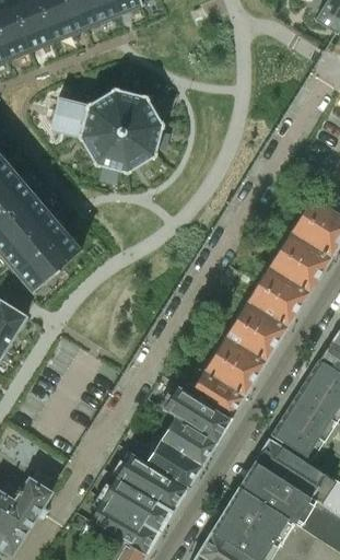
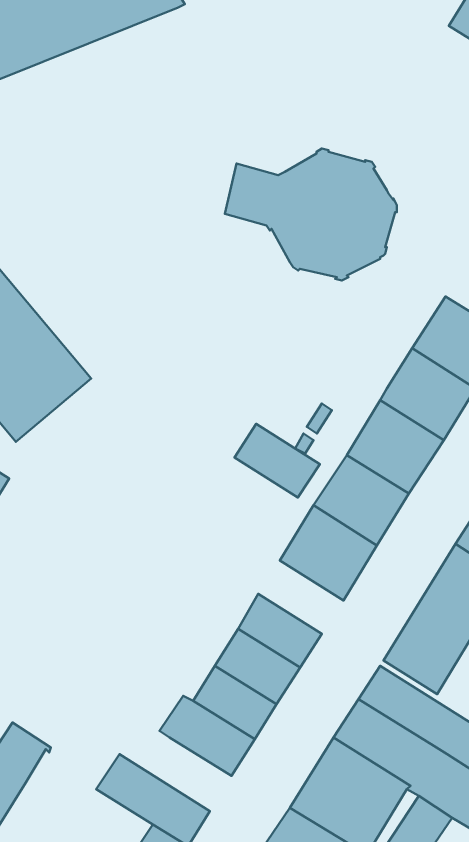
building: [51,86,164,173] -> [225,149,397,280]
building: [190,369,246,417] -> [234,424,320,497]
building: [99,472,173,533] -> none

